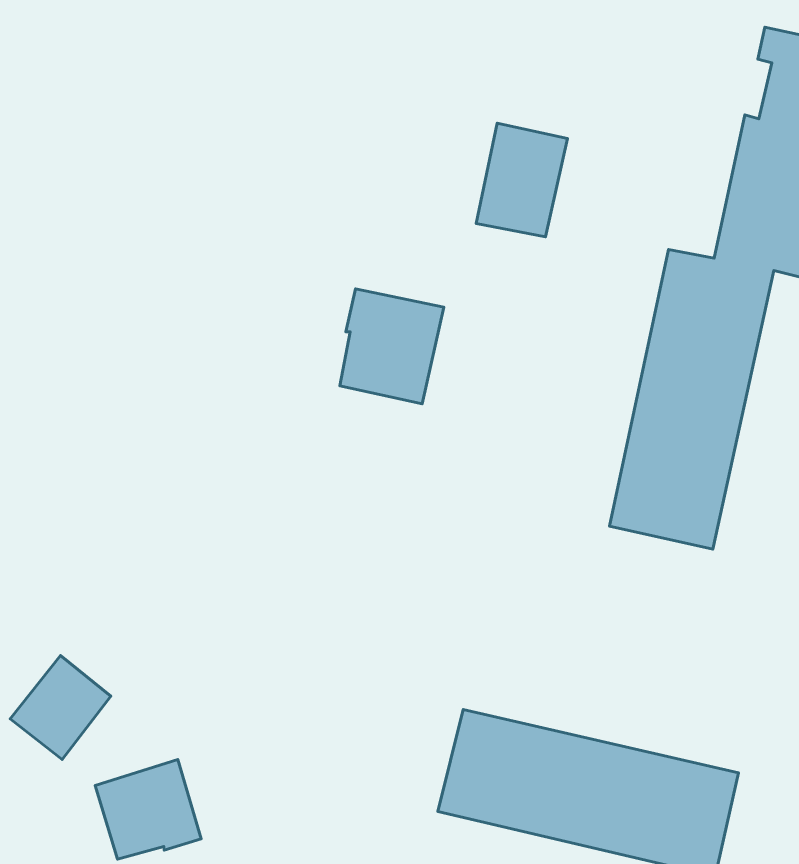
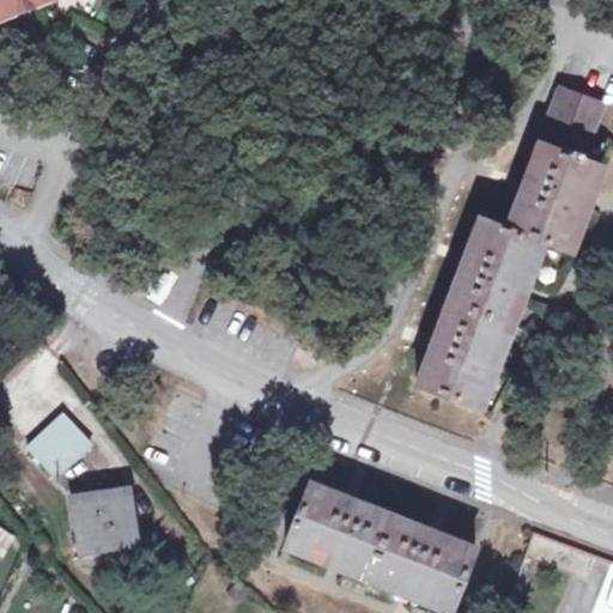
building: [476,123,567,237] -> none
building: [340,289,444,404] -> none

